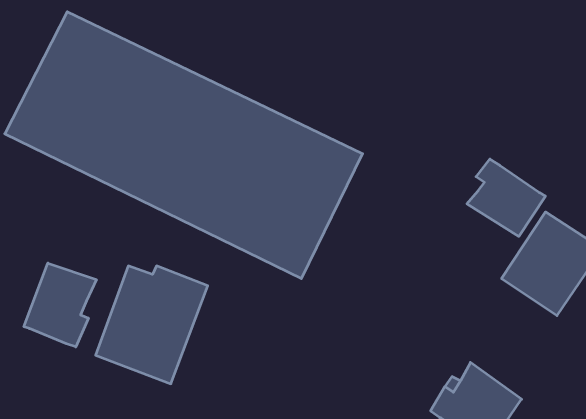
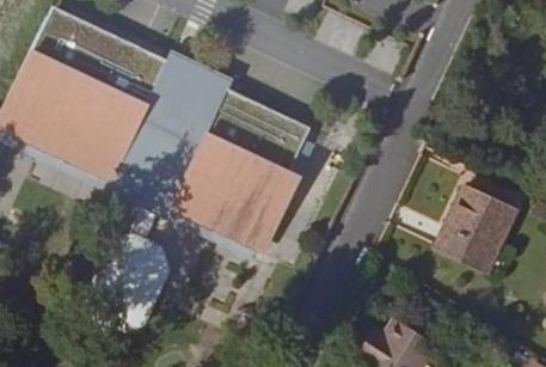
building: [467,159,545,236] -> none
building: [24,263,96,347] -> none

